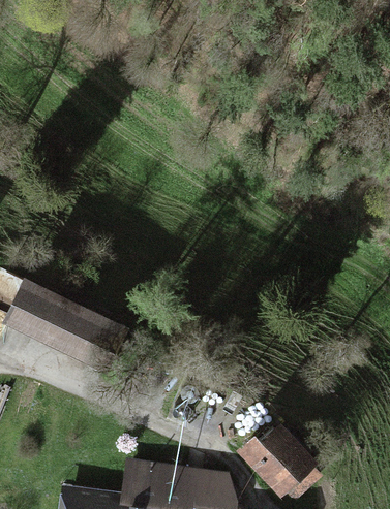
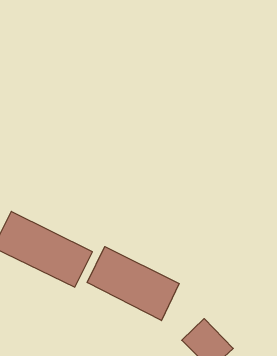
building: none -> [87,247,179,321]

